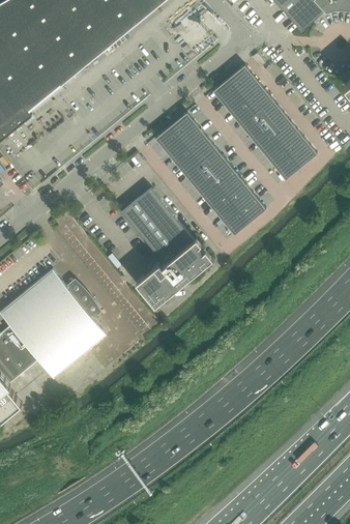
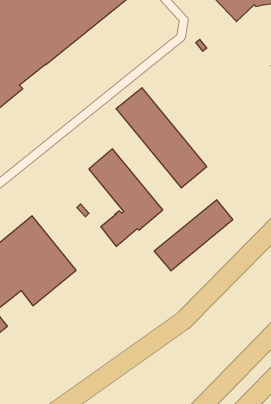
building: [211,64,316,179] -> none
building: none -> [154,200,233,271]

